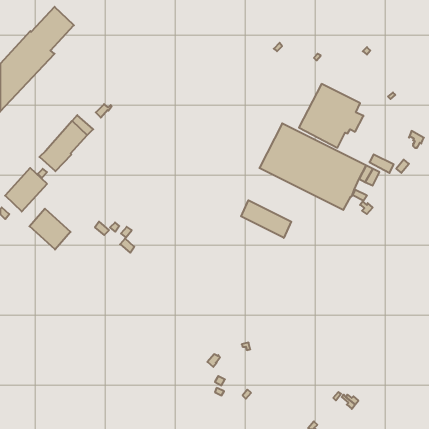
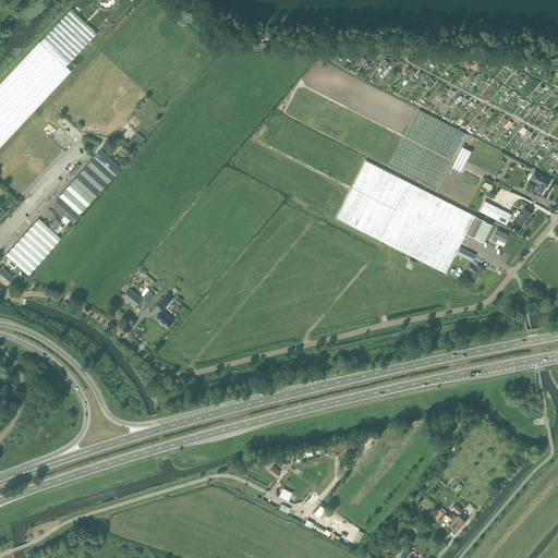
building: [241,200,291,238] -> none
building: [29,209,71,250] -> none

